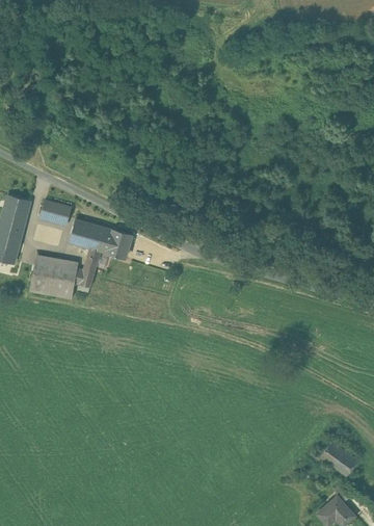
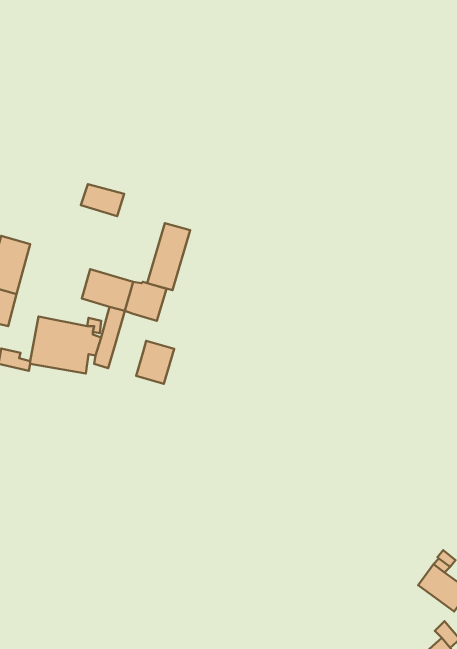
building: none -> [147,223,190,290]
building: [39,200,72,223] -> [81,184,124,216]
building: none -> [136,341,174,384]

